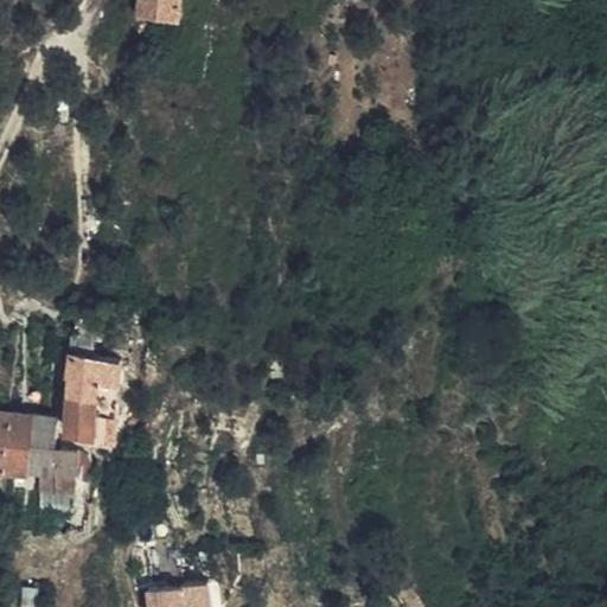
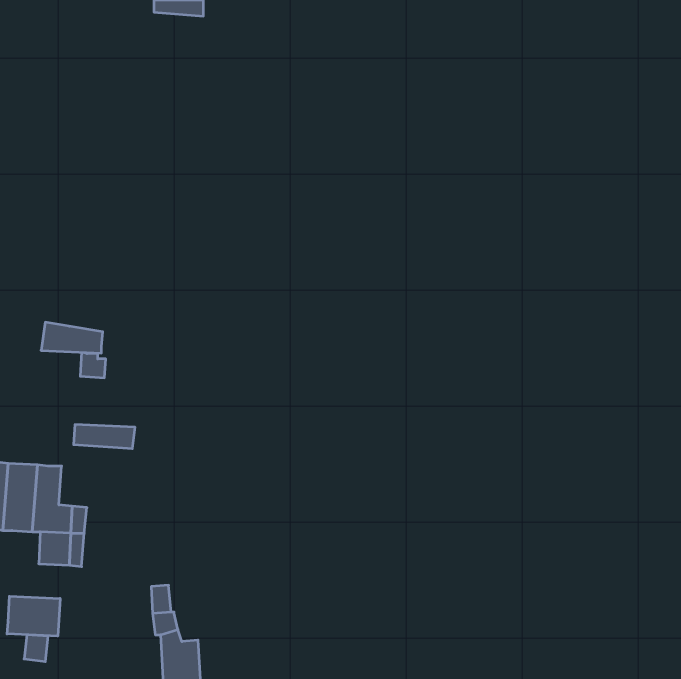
building: [66,356,121,383] -> [41,322,103,353]
building: [64,398,117,437] -> none
building: none -> [7,596,60,636]

